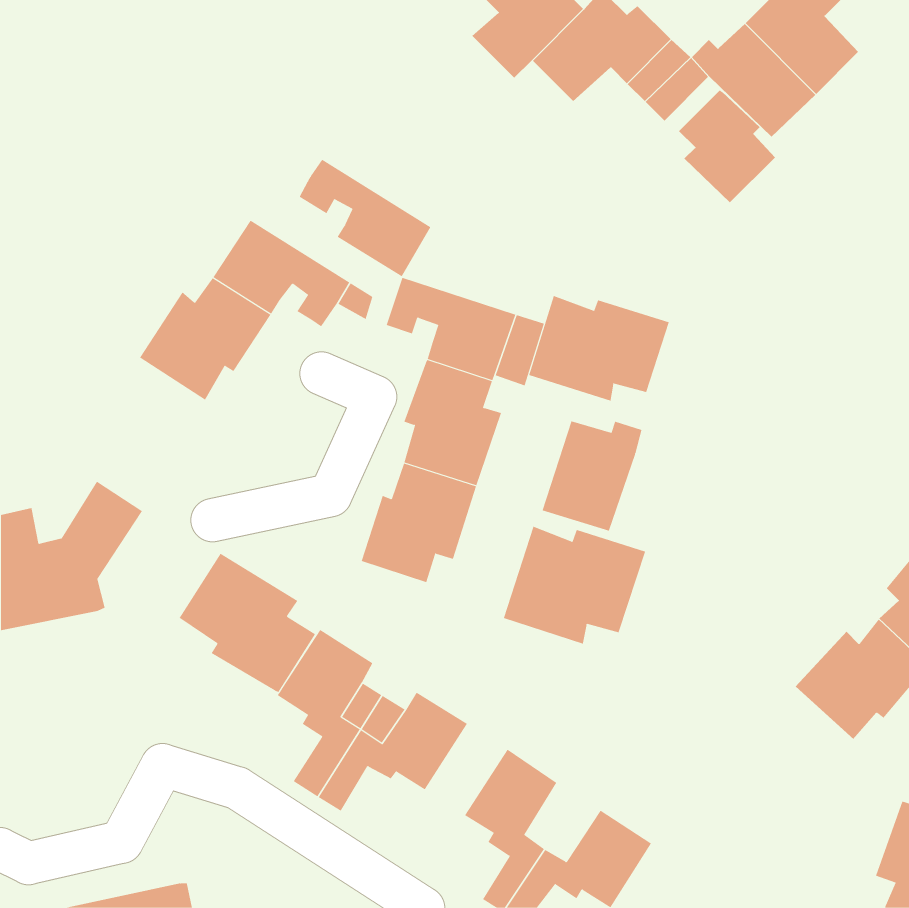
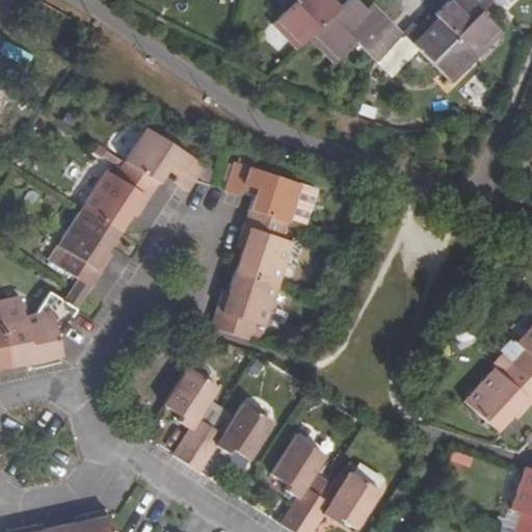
building: [678,90,776,203] -> none
building: [299,159,431,277] -> none
building: [528,295,669,401] -> none
building: none -> [51,208,122,297]
building: [542,420,642,531] -> none
building: [503,526,646,644] -> none
building: [179,553,316,693] -> none

